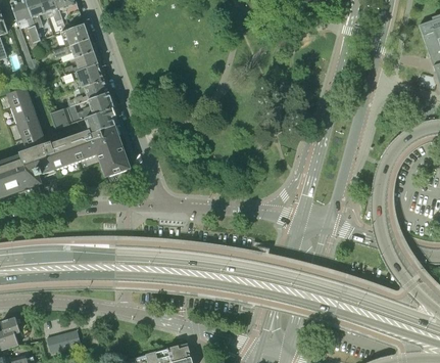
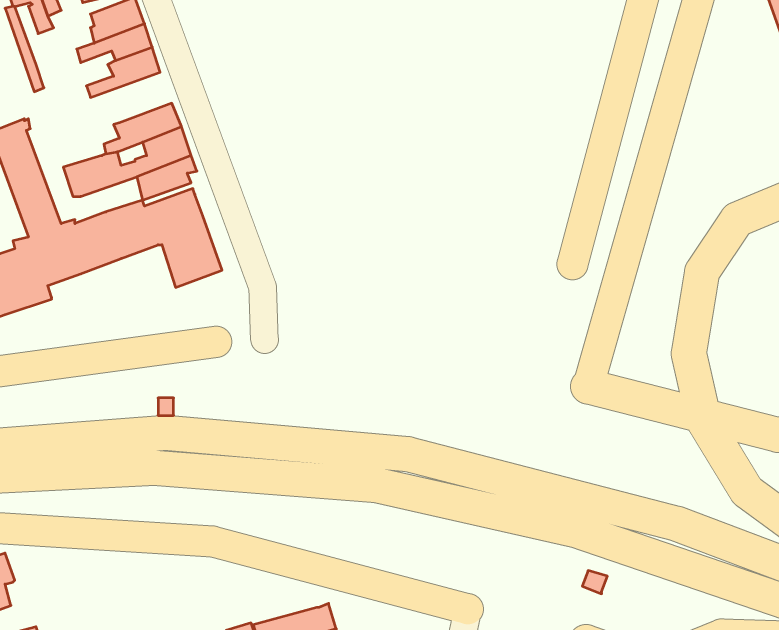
building: [59,62,103,89] -> none
building: [46,329,82,352] -> none

